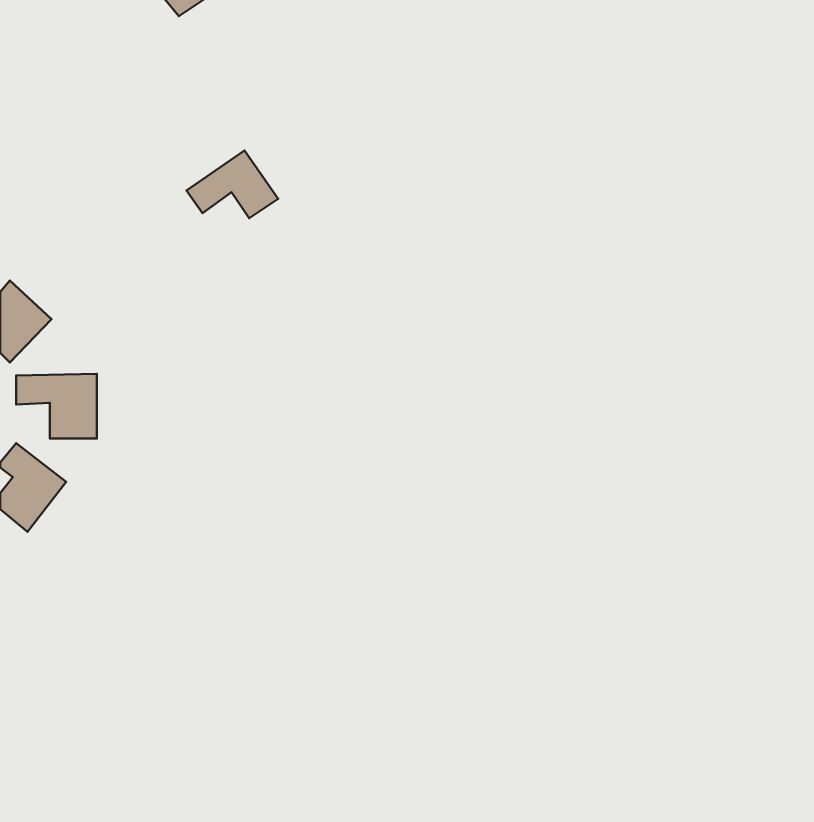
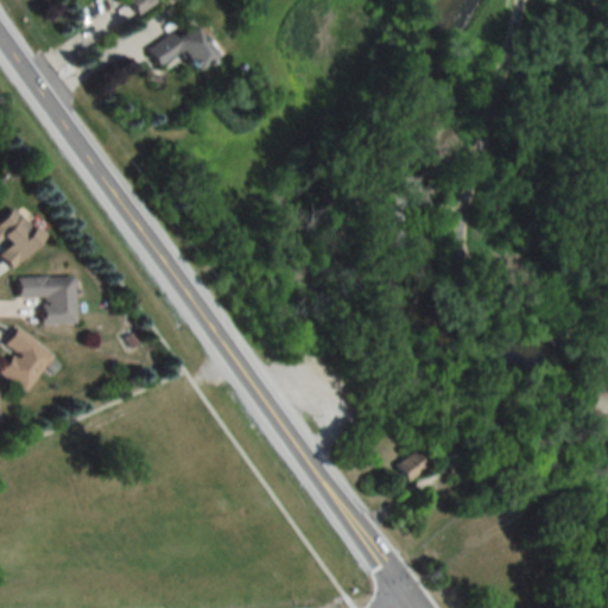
building: [186,150,278,218] -> [147,20,215,70]
building: none -> [395,449,430,481]

